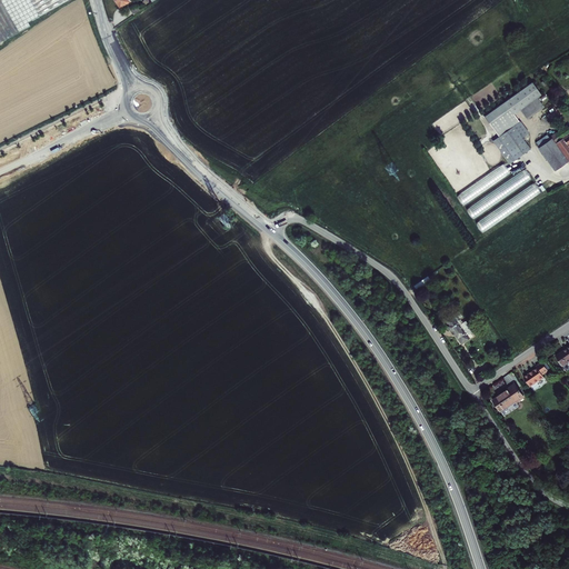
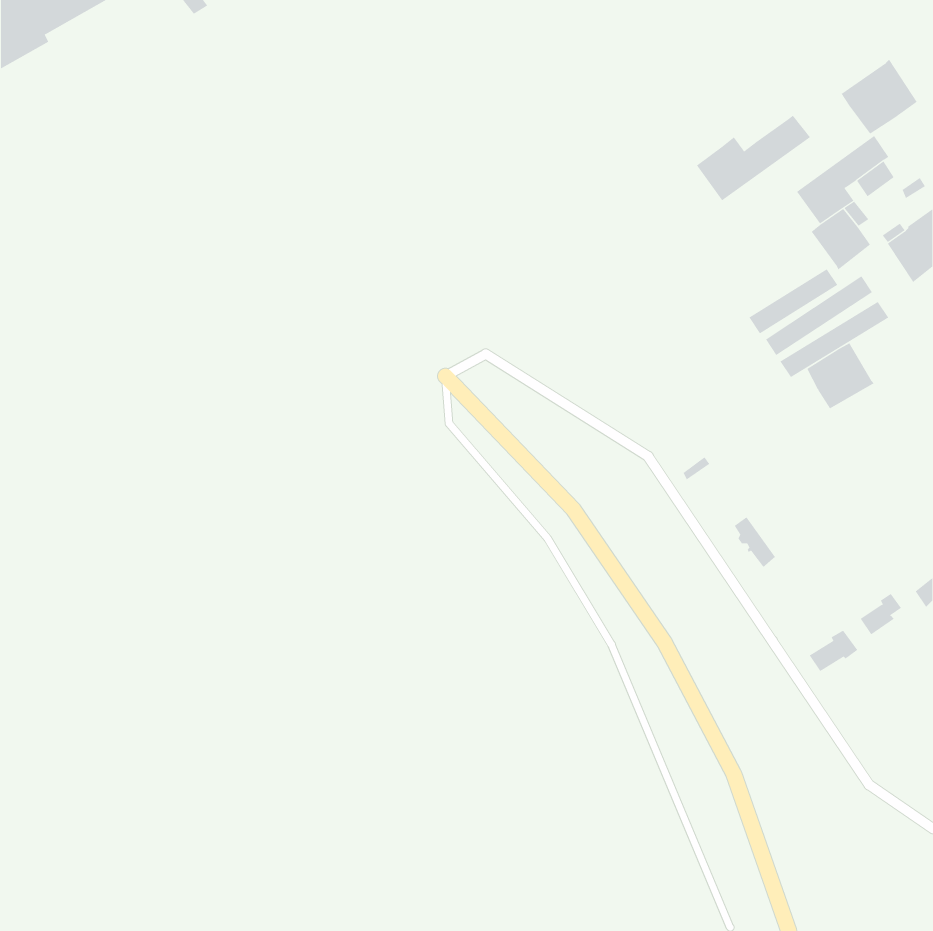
building: none -> [841,59,917,135]
building: none -> [696,115,811,201]
building: none -> [807,343,875,409]

